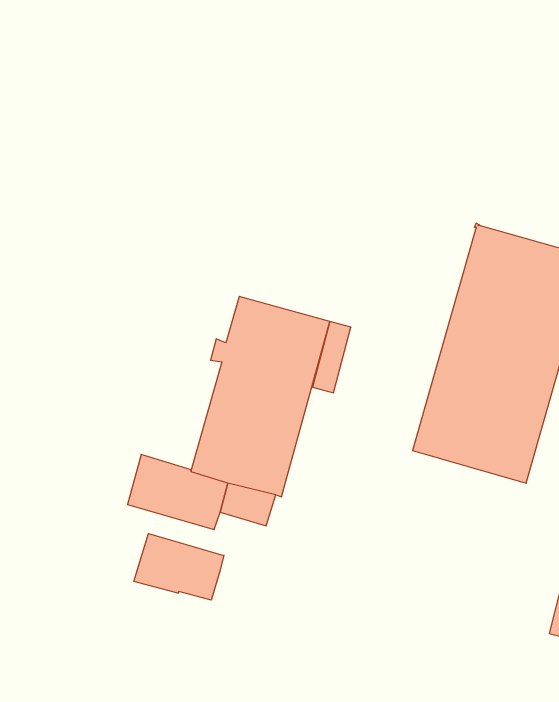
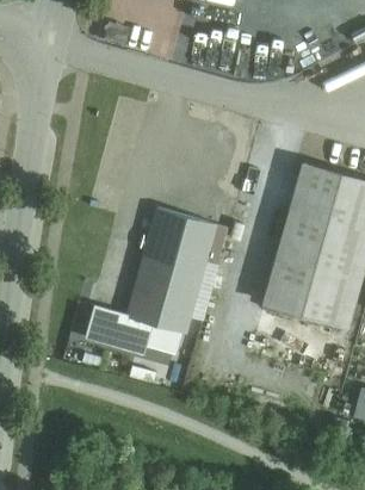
building: [134,534,224,600] -> none

